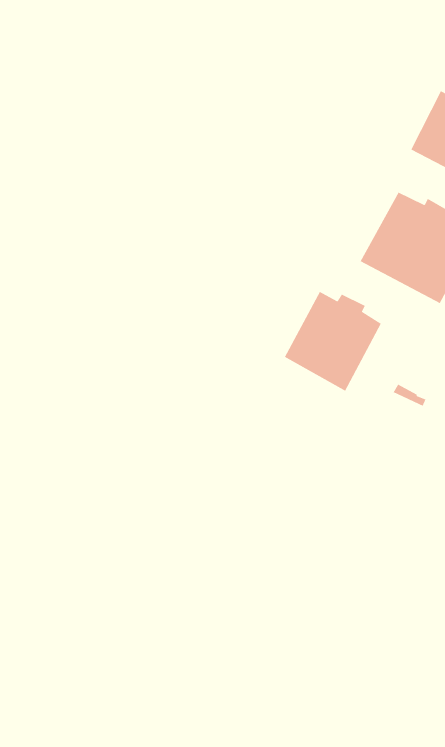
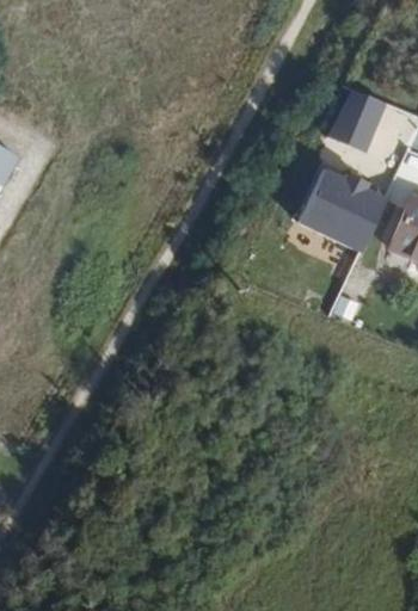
building: [284,291,382,392] -> none

